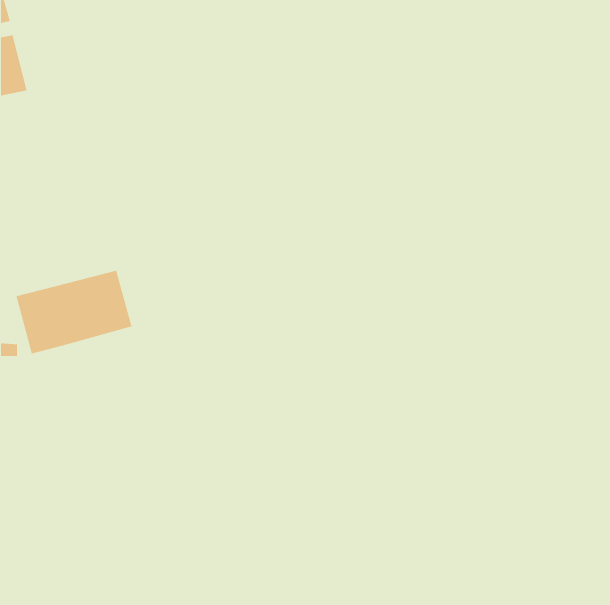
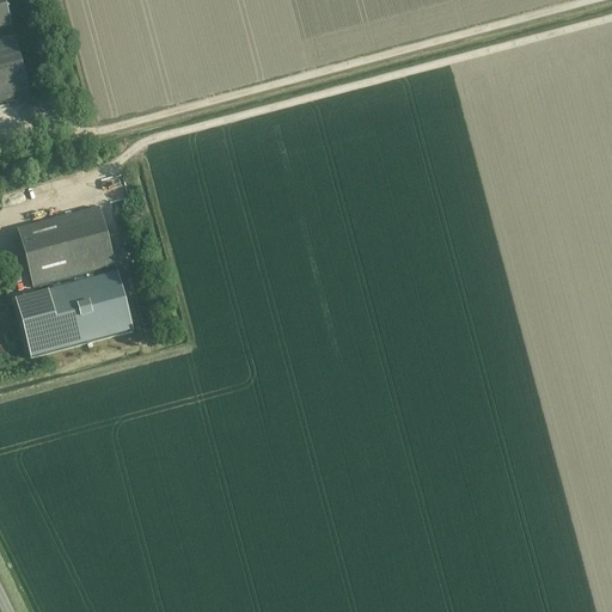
building: none -> [19,206,114,283]

